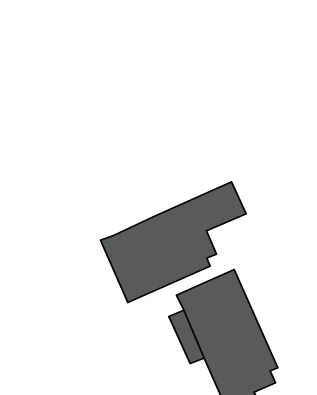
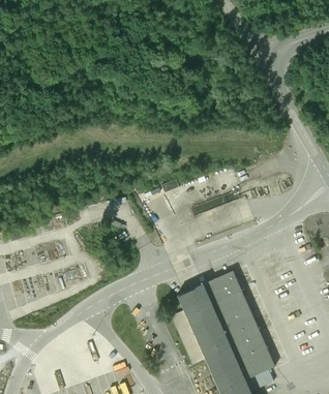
building: [100,182,246,302] -> none

